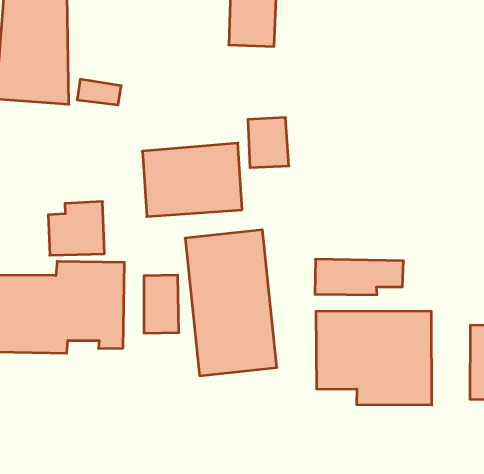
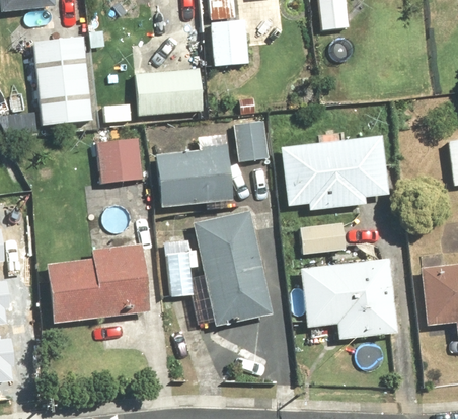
building: none -> [133,69,205,116]
building: none -> [282,135,389,210]
building: [48,202,104,255] -> [97,137,144,183]

